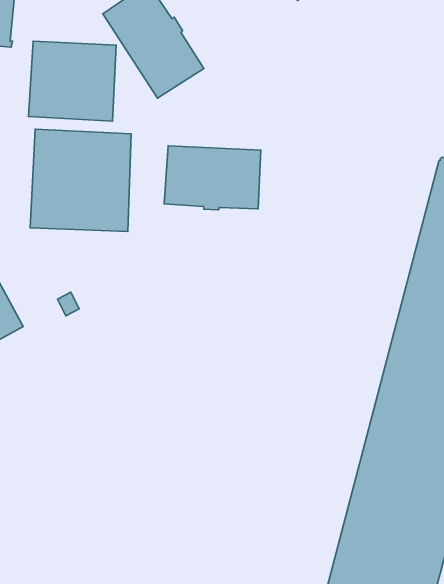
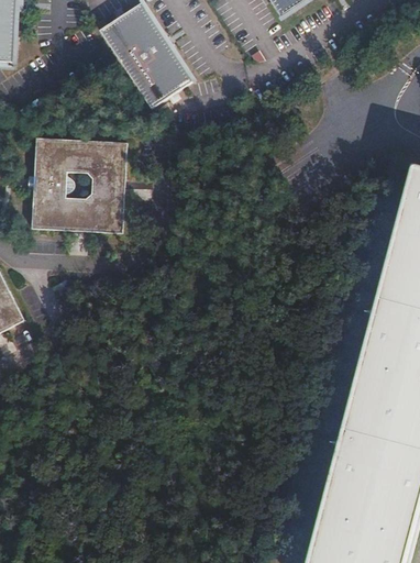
building: [28,41,116,121] -> none
building: [164,146,261,210] -> none

